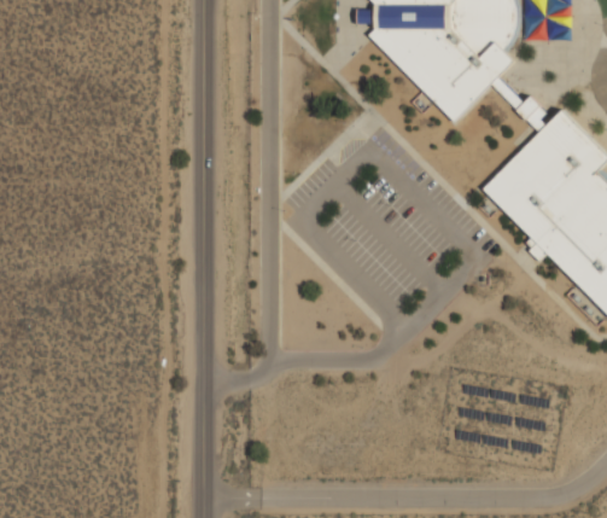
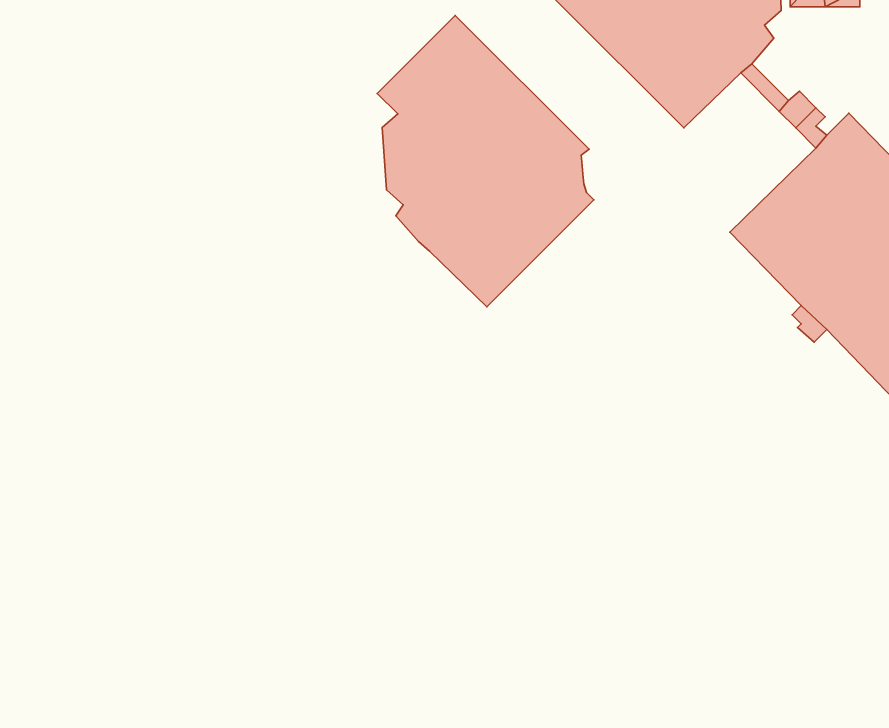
building: none -> [377,15,594,307]

